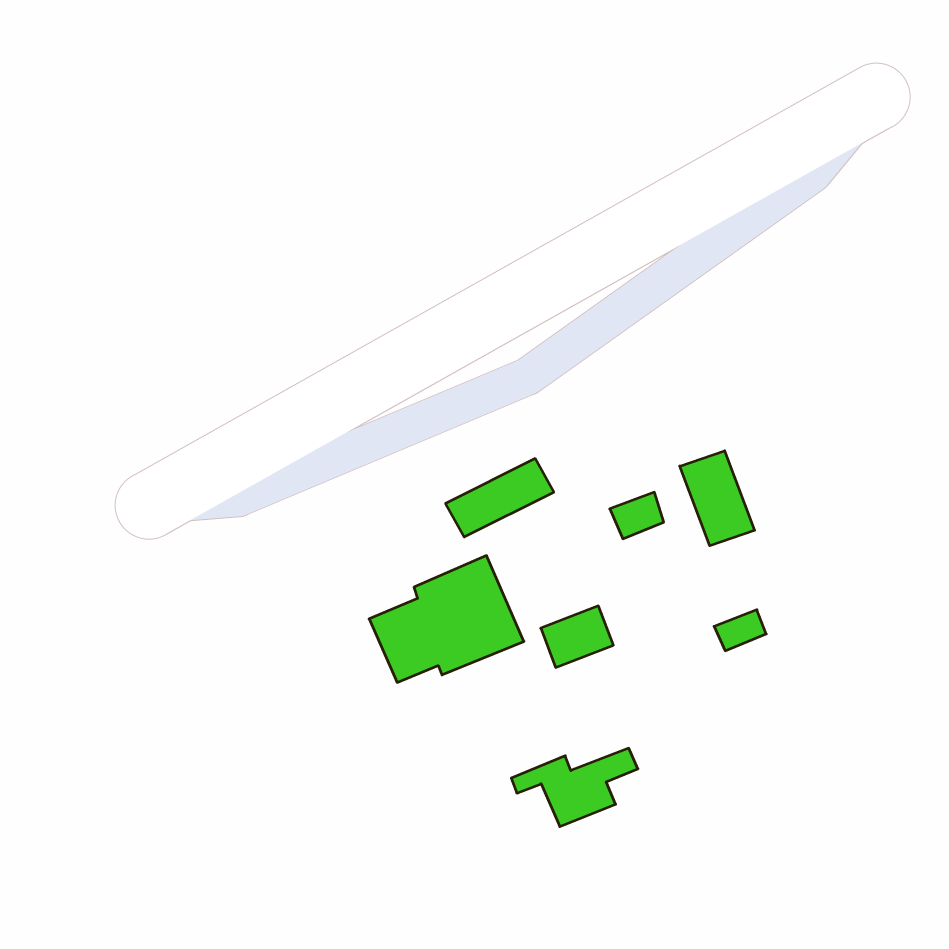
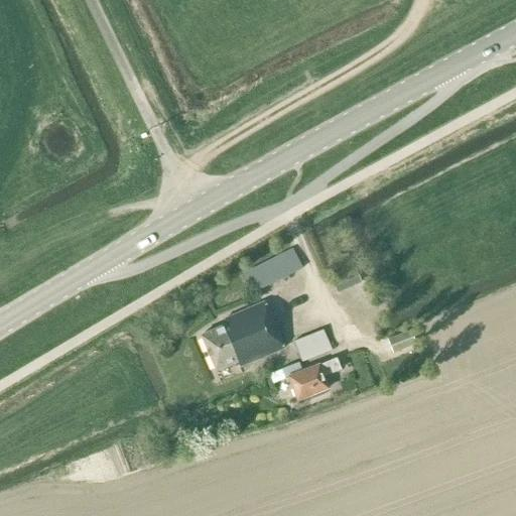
building: [680,451,755,546] -> none
building: [511,748,638,827] -> [271,358,340,400]

